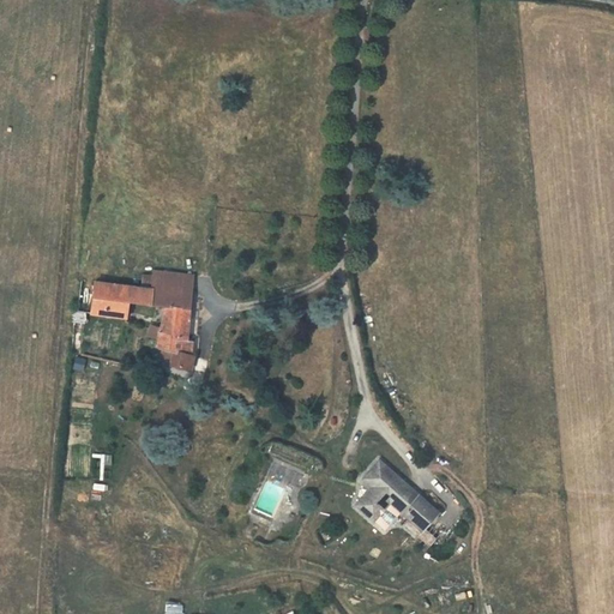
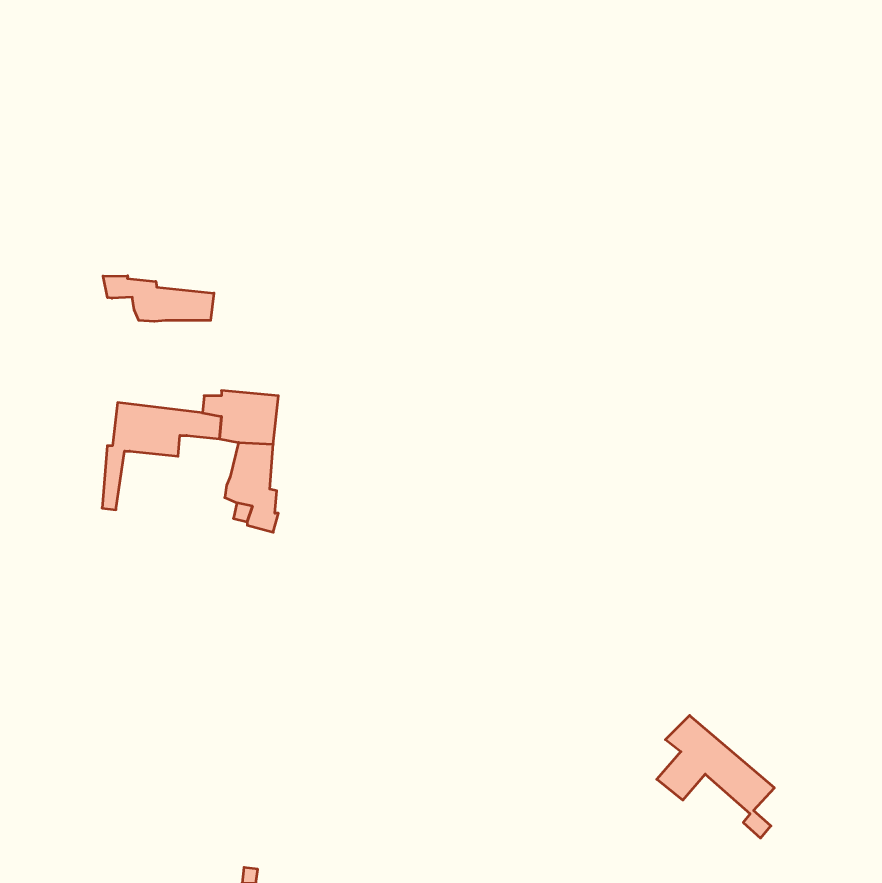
building: none -> [103,276,214,321]
building: [357,462,439,547] -> [657,715,774,838]

